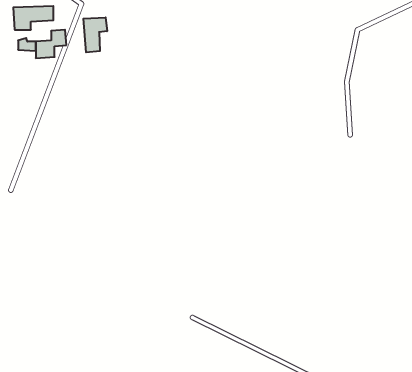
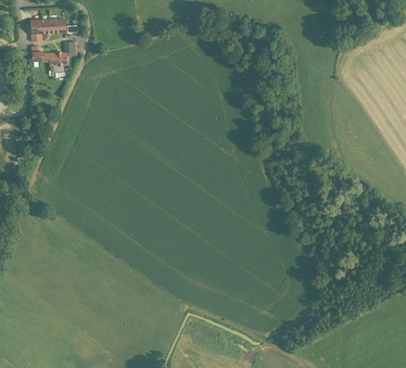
building: [83,17,107,52] -> none

